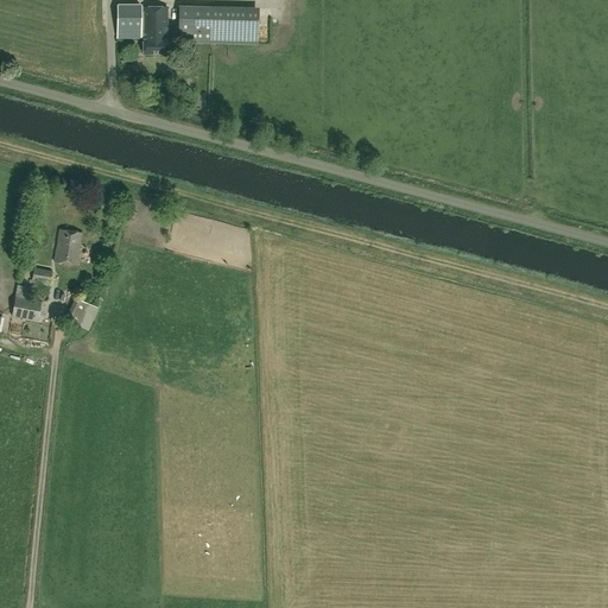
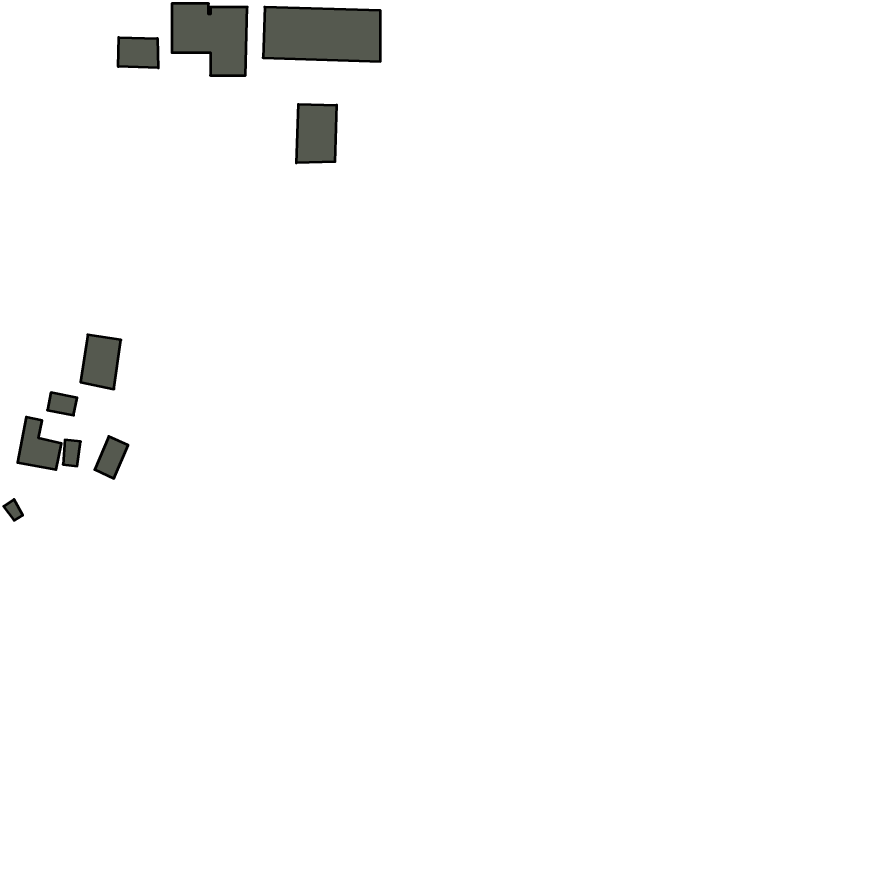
building: none -> [118,37,158,68]
building: none -> [296,104,337,163]

